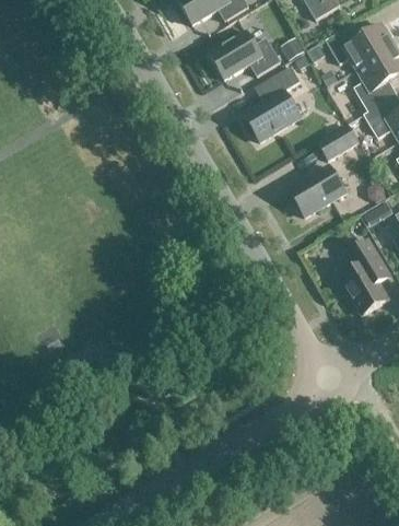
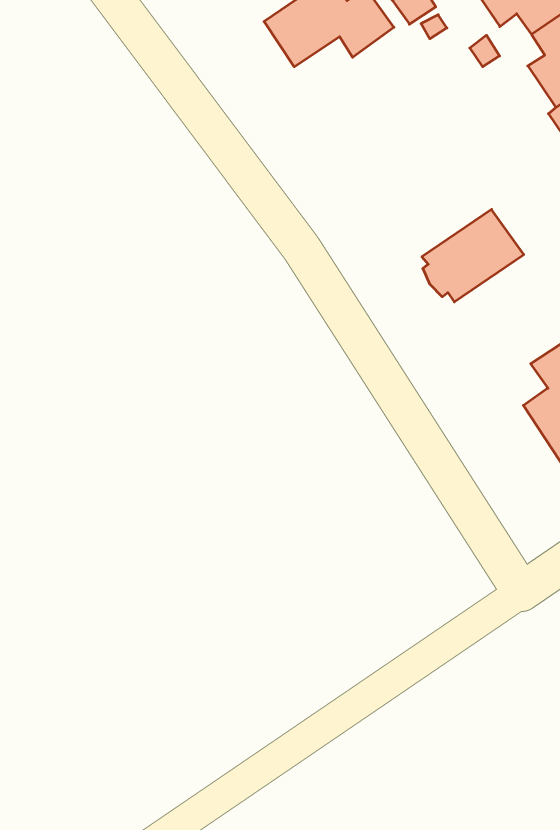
building: [244,65,301,140] -> none
building: [318,125,359,160] -> none

